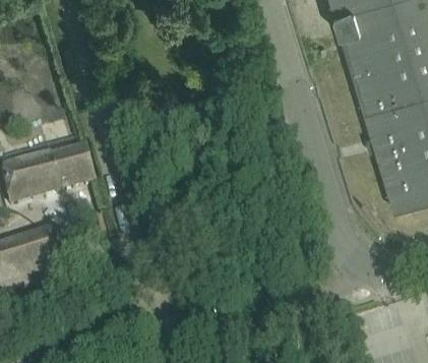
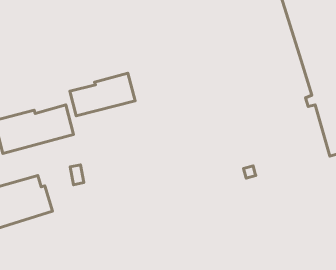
building: none -> [70,73,135,116]

